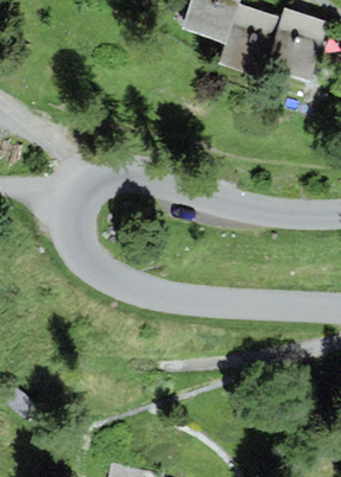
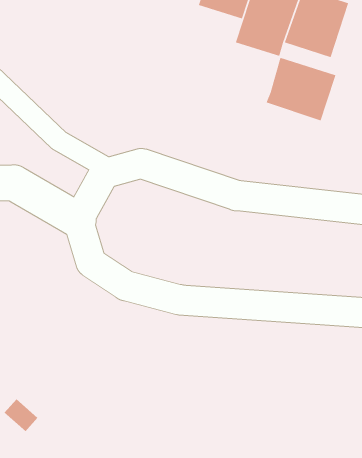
building: none -> [265,57,337,122]

